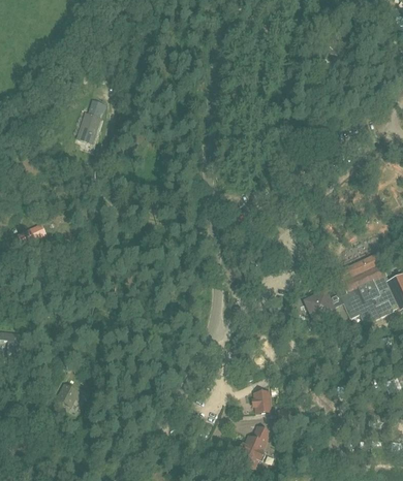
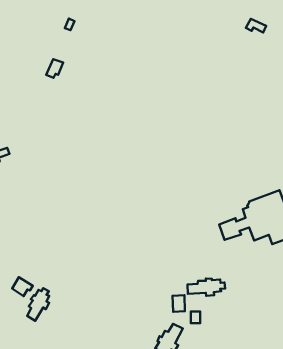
building: none -> [187,279,225,296]
building: none -> [27,288,49,321]

